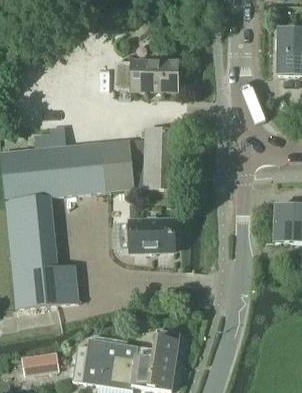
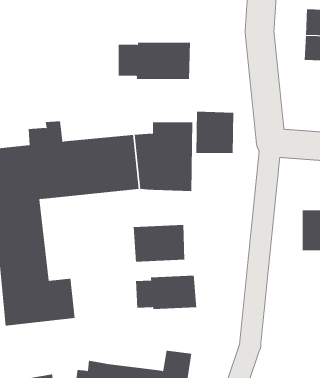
building: none -> [196,111,234,154]
building: none -> [136,275,197,310]

